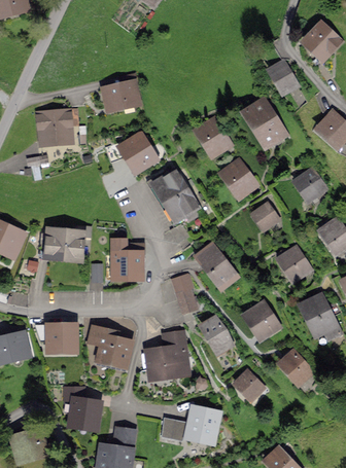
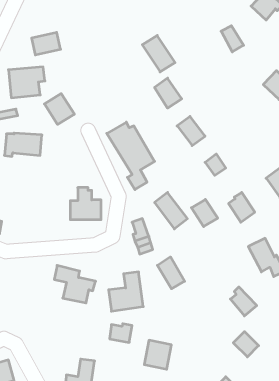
building: [105,83,137,108] -> [32,32,61,55]
building: [247,103,283,143] -> [142,35,175,72]
building: [122,136,154,170] -> [44,94,74,124]
building: [296,170,324,199] -> none
building: [39,232,80,258] -> [4,133,42,156]
building: [247,305,276,335] -> [191,199,218,227]
building: [35,326,74,350] -> none
building: [235,371,263,399] -> [233,332,259,357]
building: [64,387,98,426] -> none
building: [161,420,185,440] -> [110,324,132,342]

